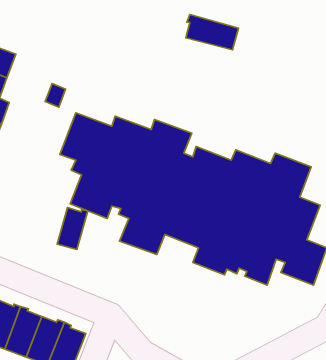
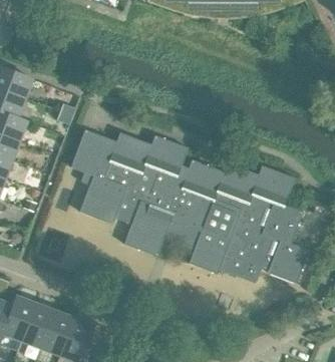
building: [186,14,239,50] -> none
building: [57,208,88,250] -> none

